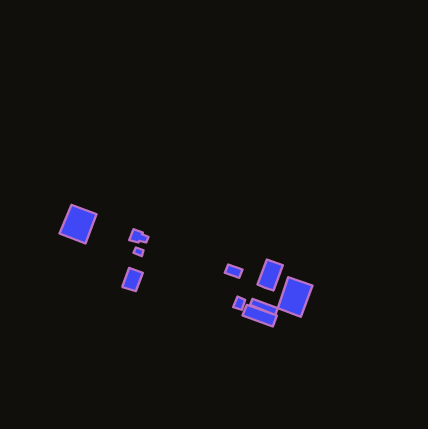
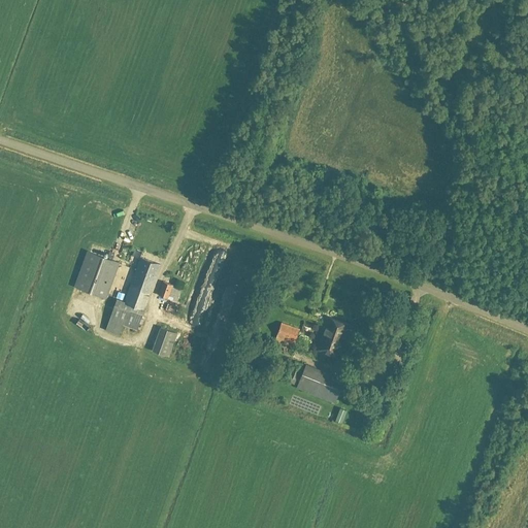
building: none -> [104,259,159,336]
building: [278,277,312,317] -> none

